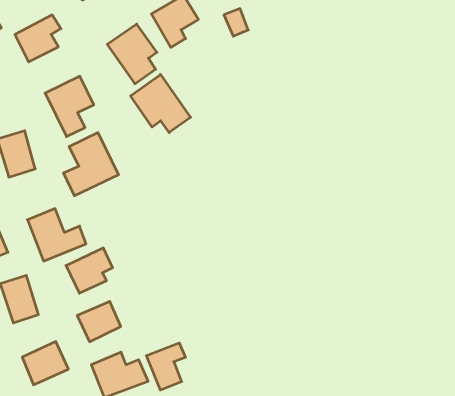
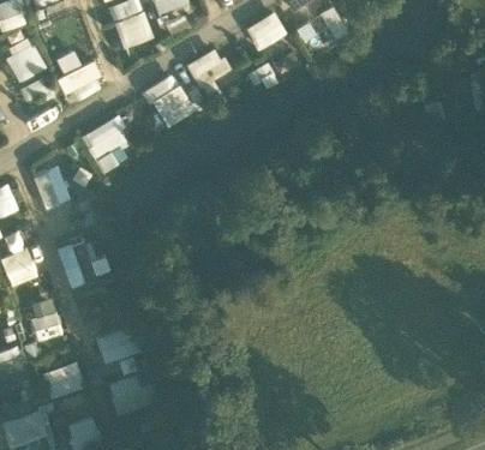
building: [131,74,191,133] -> none
building: [64,133,118,196] -> none
building: [66,248,113,293] -> none
building: [146,343,185,390] -> none

